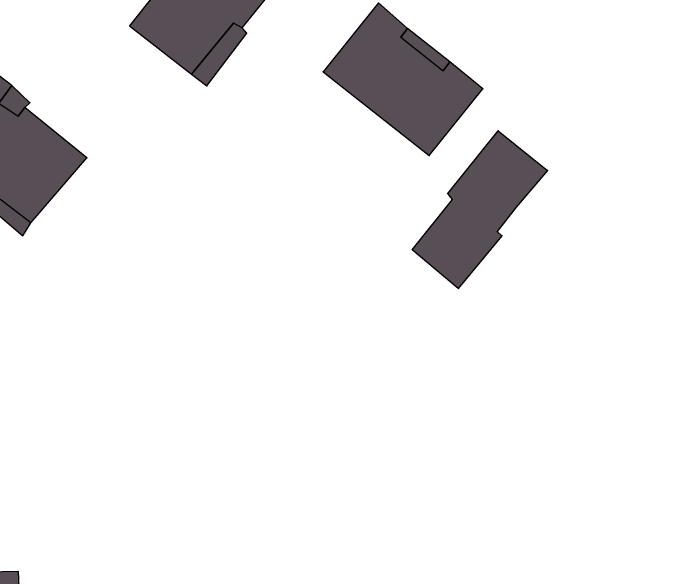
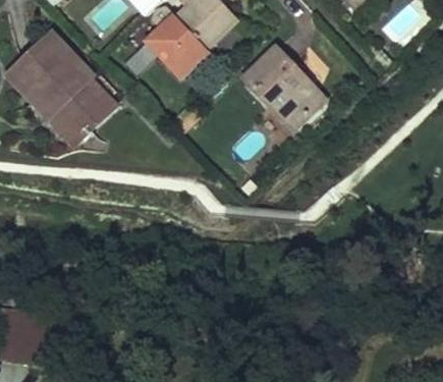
building: [412,131,548,289] -> none

